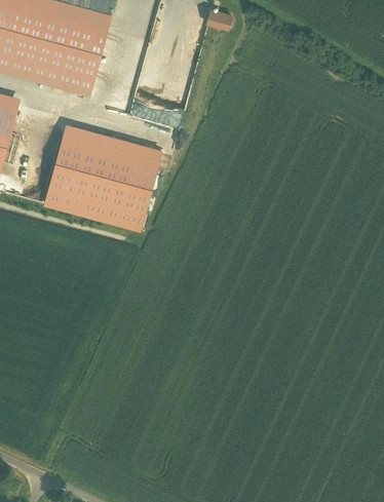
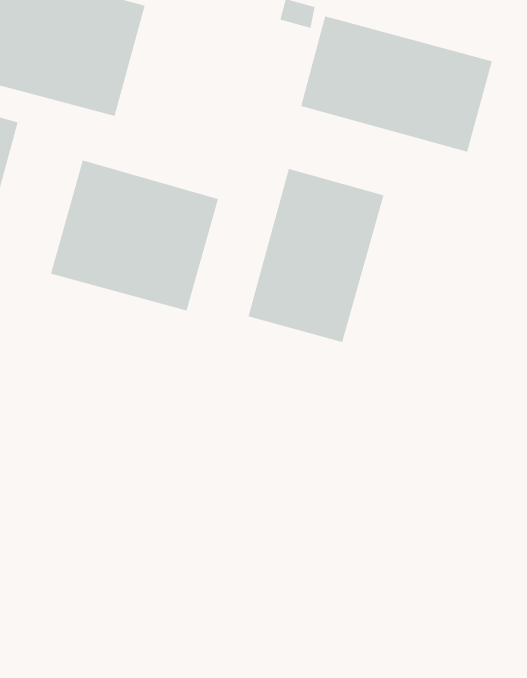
building: none -> [301,16,492,152]
building: none -> [248,168,384,343]

